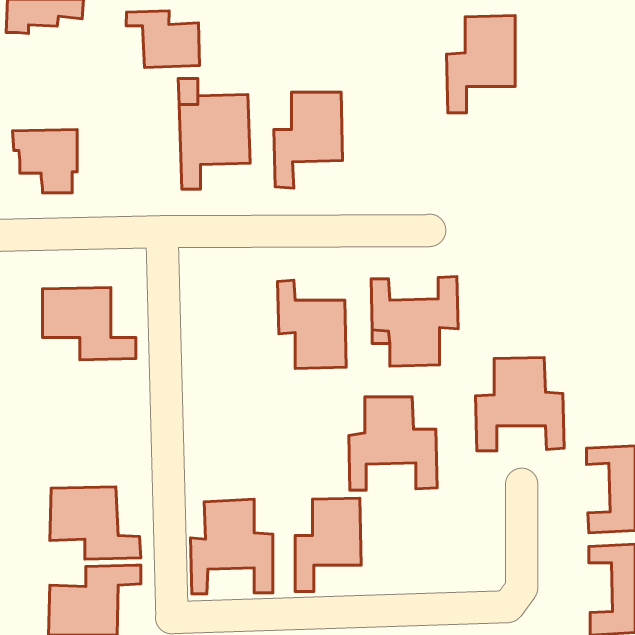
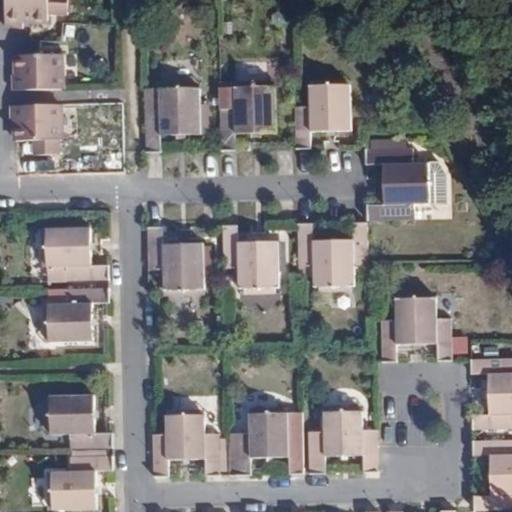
building: [126,11,200,67] -> none
building: [447,16,515,113] -> [295,71,350,149]
building: none -> [12,54,61,90]
building: none -> [366,149,437,220]
building: none -> [148,227,206,298]
building: none -> [36,288,110,342]
building: [349,397,437,490] -> [308,399,379,474]

